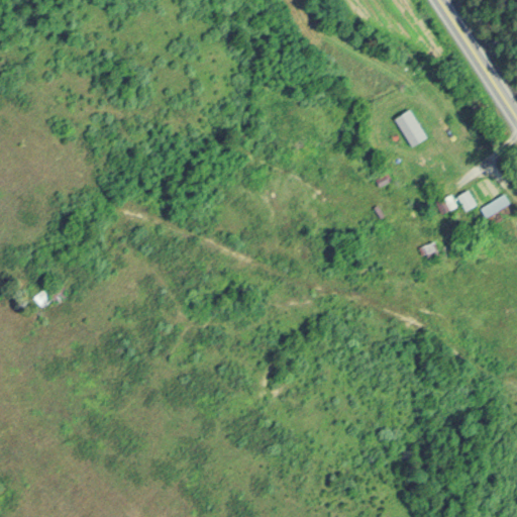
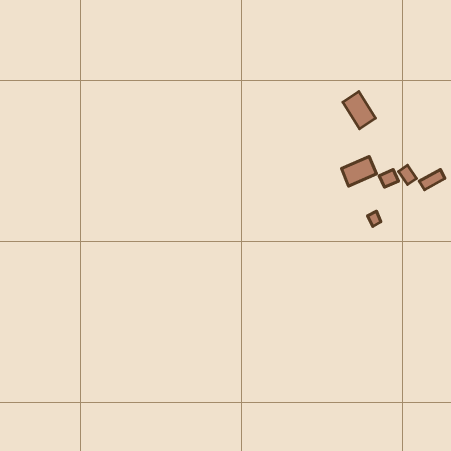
building: none -> [341,156,377,186]

